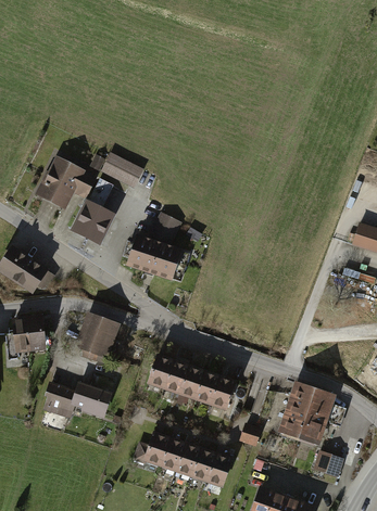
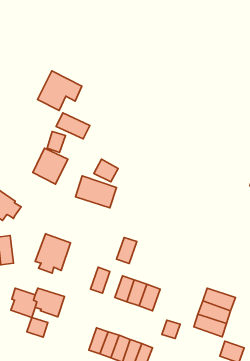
building: [37,156,95,207] -> [37,71,82,110]
building: [162,358,188,392] -> [117,237,137,263]
building: none -> [27,318,48,337]

